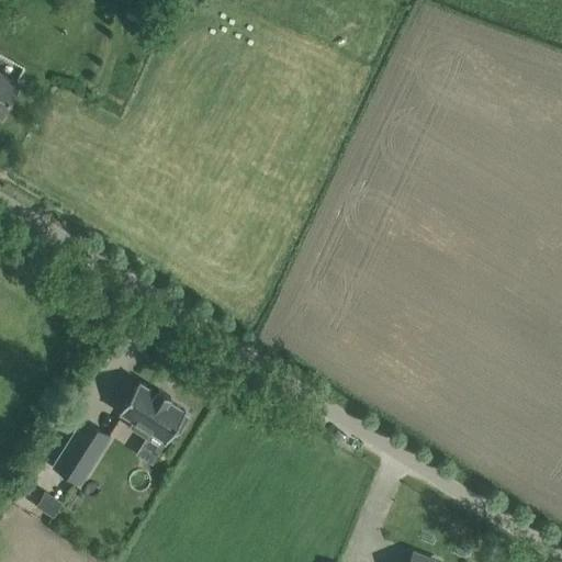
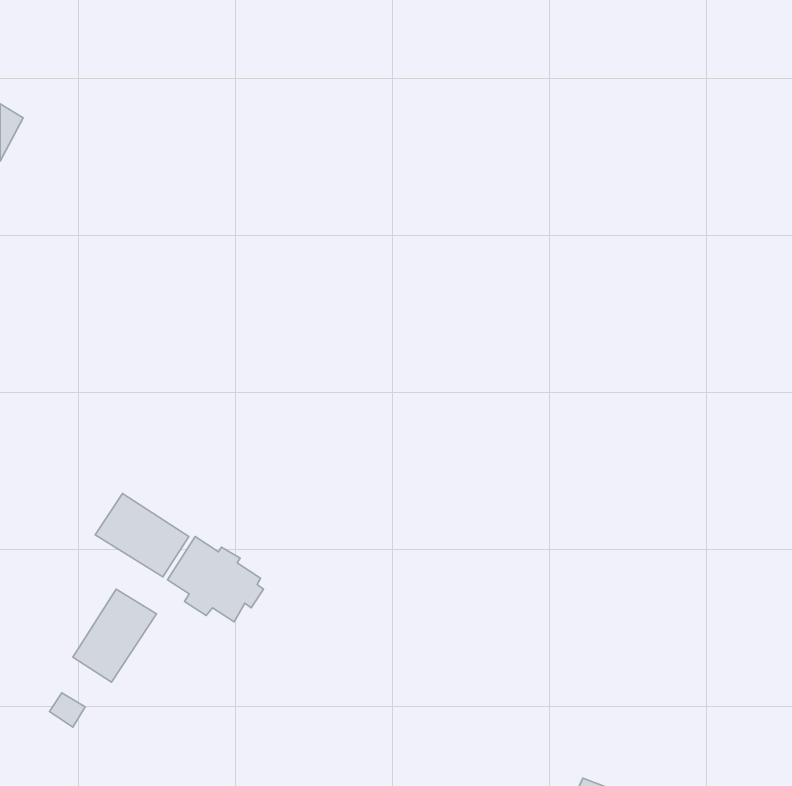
building: none -> [95,494,189,577]

